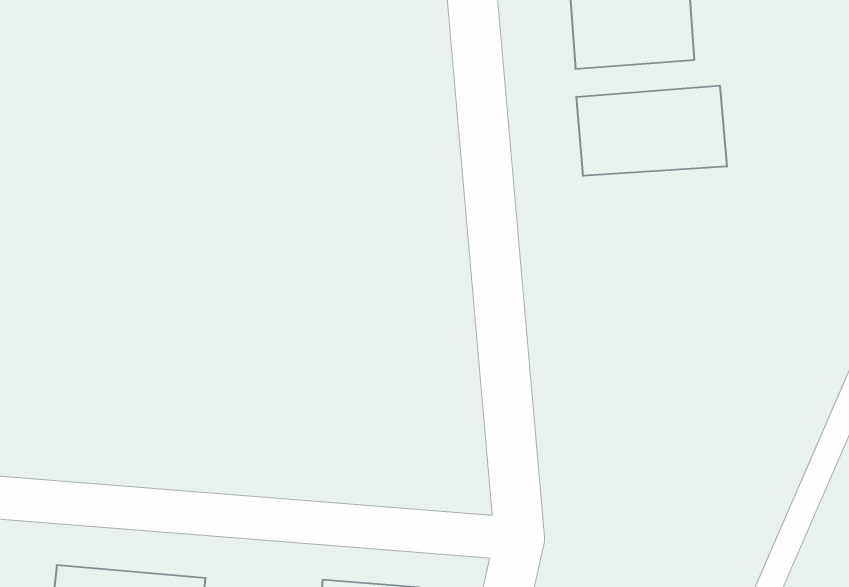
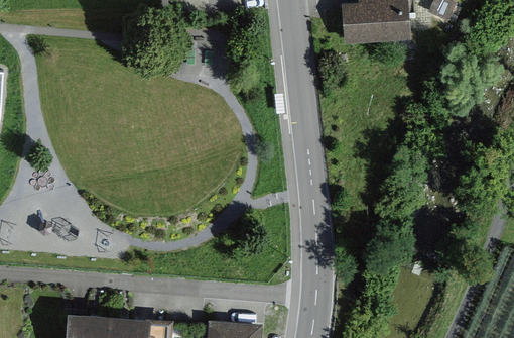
building: [576,86,727,176] -> none

